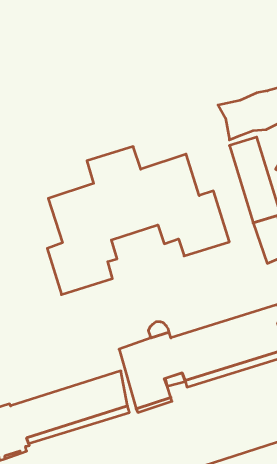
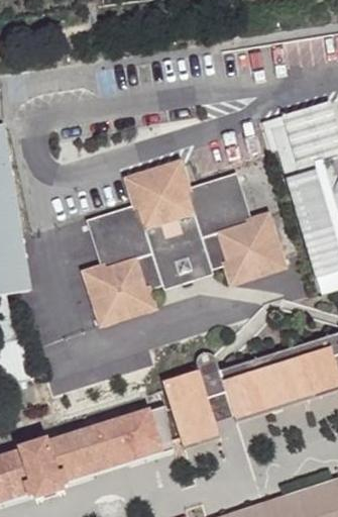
building: none -> [155,247,213,289]

